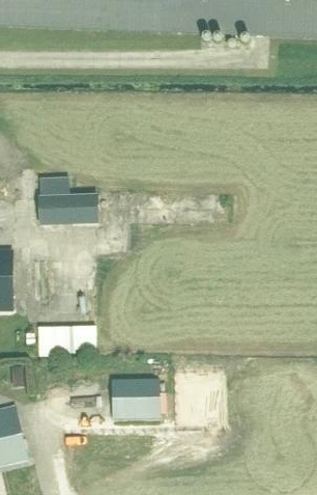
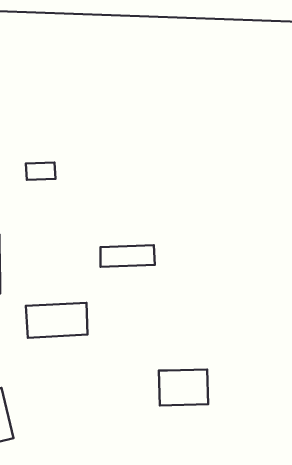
building: [42,198,97,220] -> [100,245,155,267]
building: [111,382,161,418] -> [159,369,208,405]

